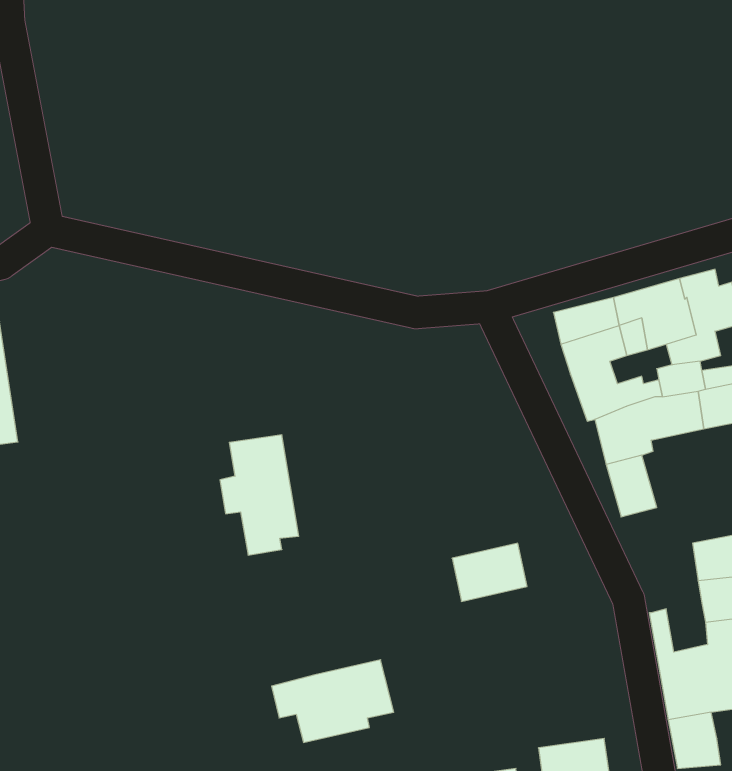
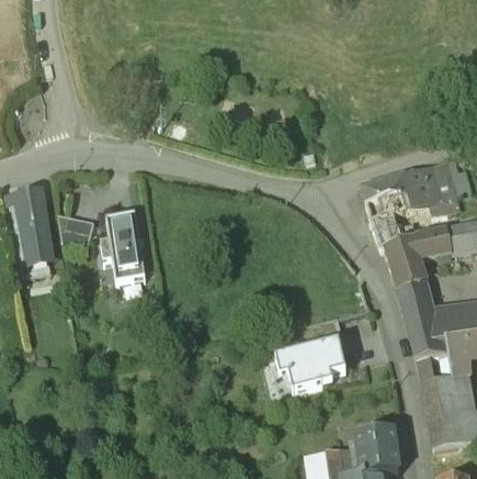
building: none -> [57,208,91,244]
building: [220,435,299,555] -> [99,214,145,285]
building: none -> [402,298,450,359]
building: [272,660,394,742] -> [284,344,355,392]

